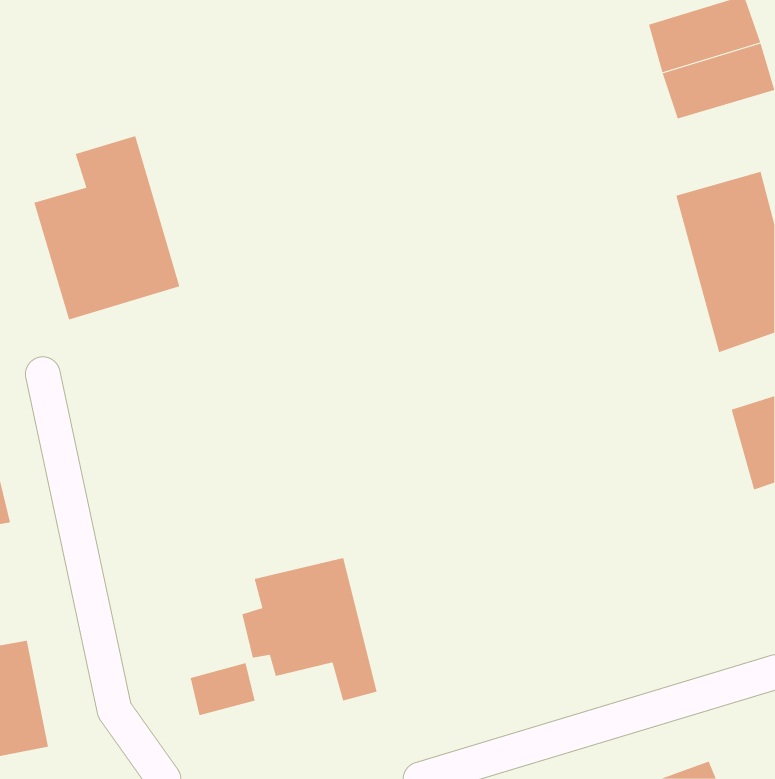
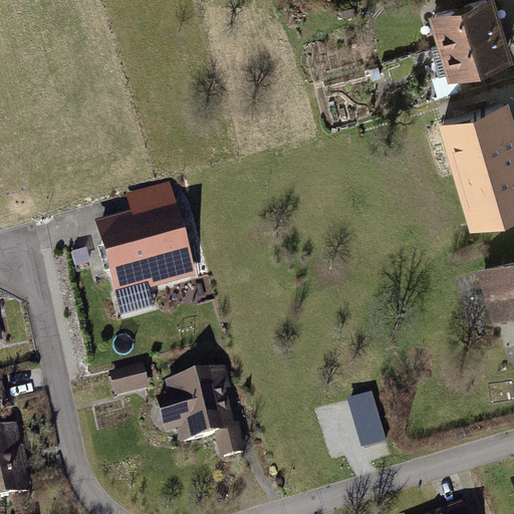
building: [33,135,180,320] -> [99,179,196,300]
building: none -> [349,389,383,442]
building: [190,663,255,716] -> [108,363,152,399]

